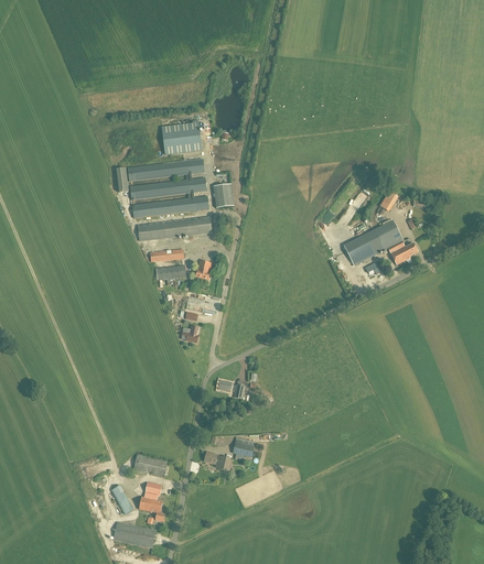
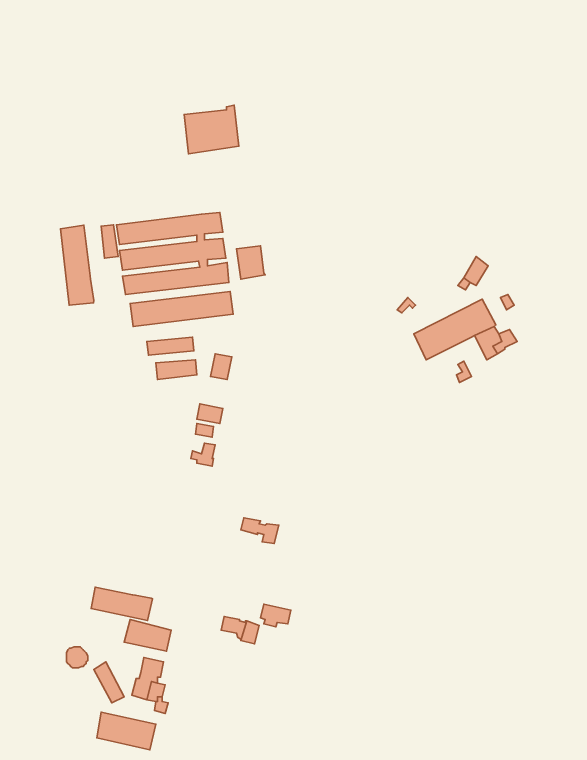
building: [161,119,201,154] -> [184,105,239,154]
building: none -> [60,225,94,305]
building: none -> [91,587,153,621]

